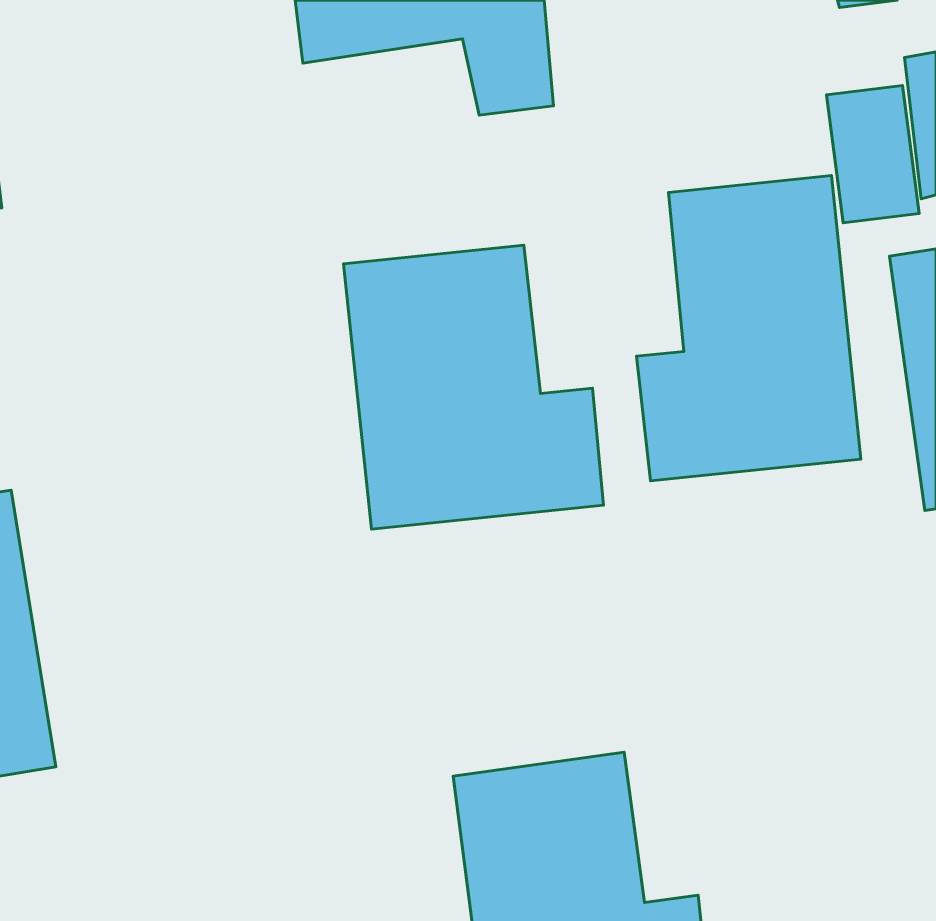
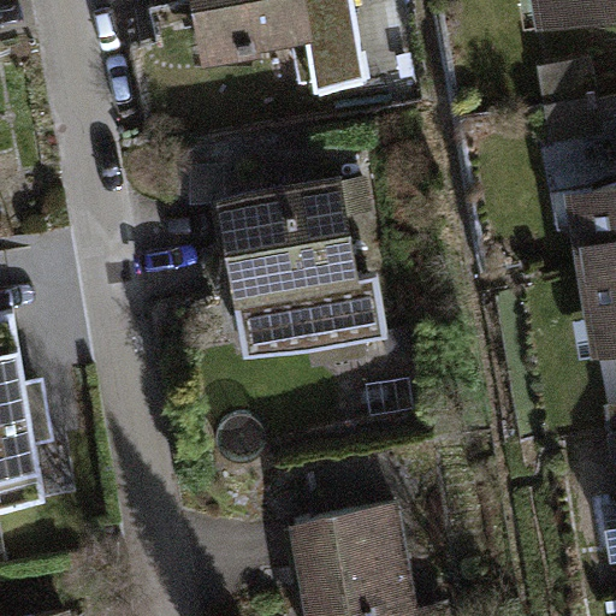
building: [637,175,861,481] -> none

